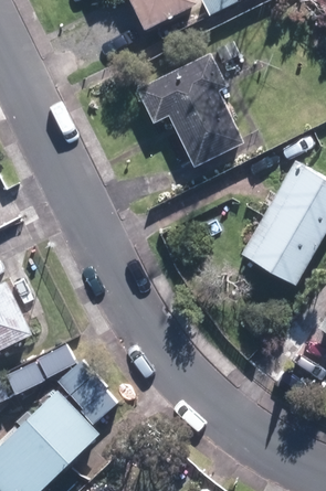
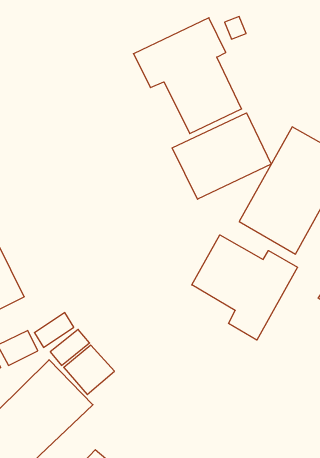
building: none -> [172,113,271,199]
building: none -> [192,235,298,340]

